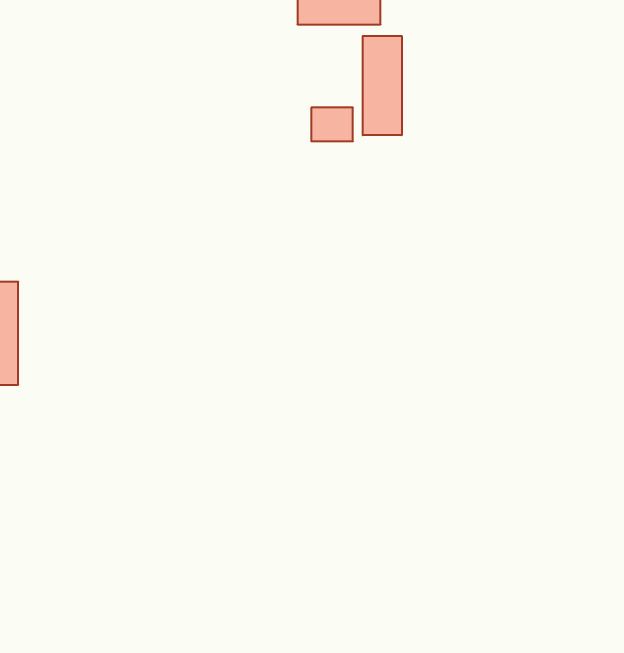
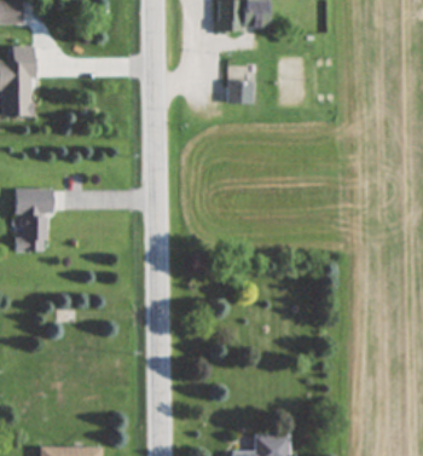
building: [363,36,402,135] -> none

